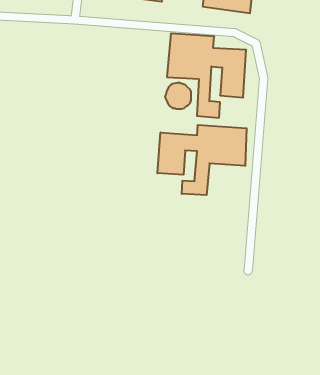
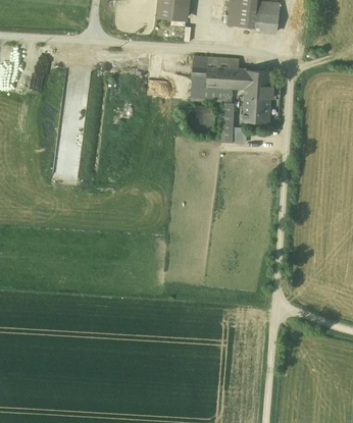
building: [157,125,247,195] -> none

